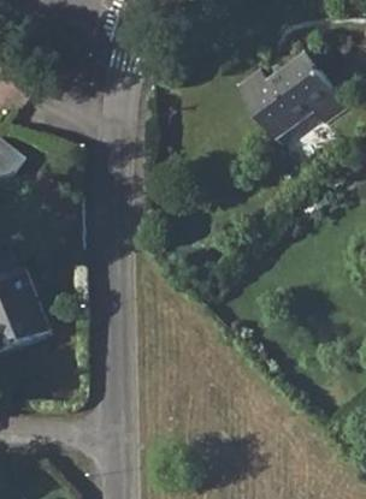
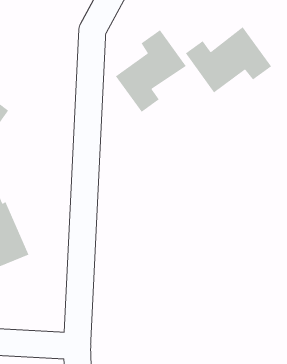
building: none -> [115,29,187,113]

